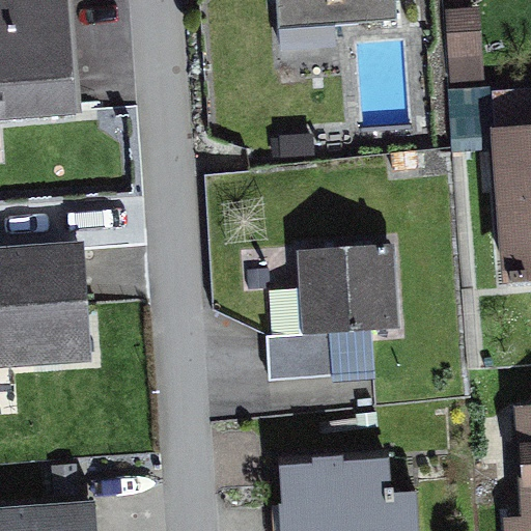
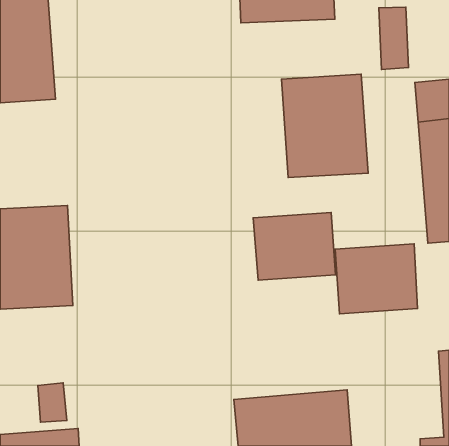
building: none -> [282,74,368,177]
building: none -> [335,244,417,314]
building: [264,332,336,384] -> none

